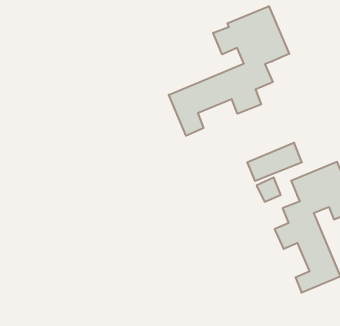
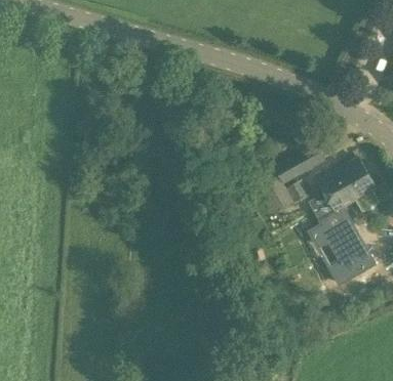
building: [169,6,289,136] -> none

